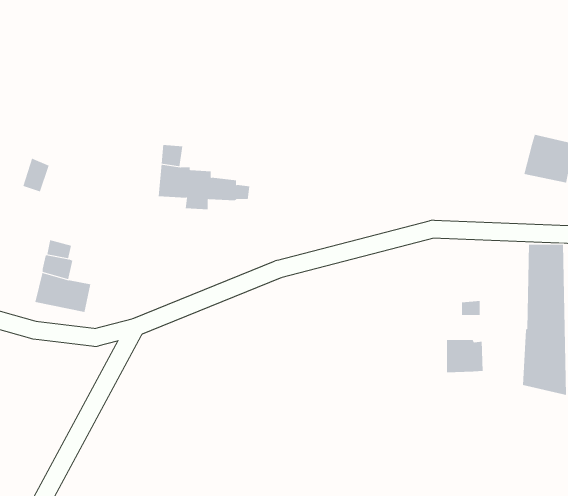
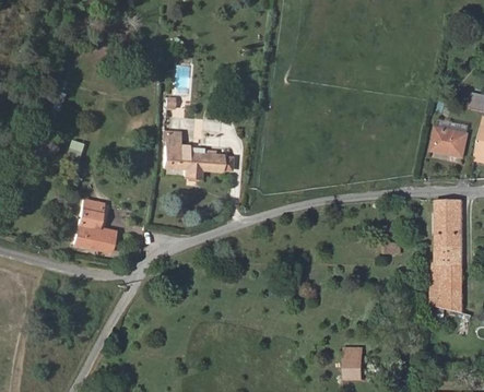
building: [446,339,483,373] -> none
building: none -> [343,346,363,379]

